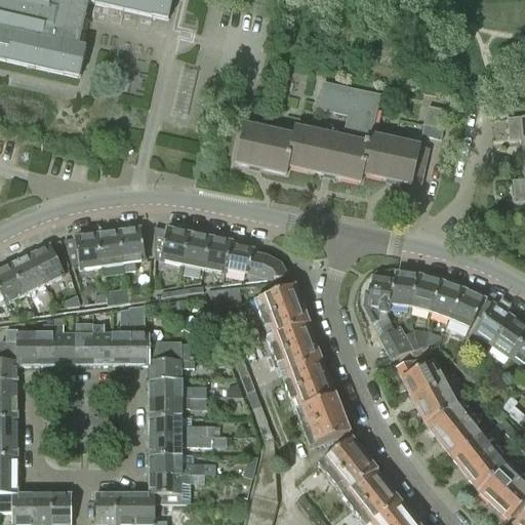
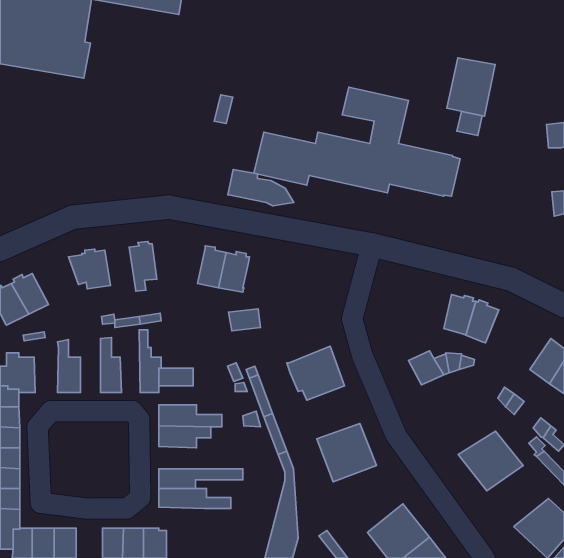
building: none -> [447,58,495,116]
building: [154,225,191,264] -> none
building: [97,229,125,266] -> none
building: [30,240,68,283] -> none
building: [226,244,287,278] -> [228,170,294,206]
building: [363,269,419,322] -> none
building: [257,284,308,337] -> none
building: [451,288,485,327] -> none
building: [473,301,512,344] -> none
building: [112,308,130,365] -> none
building: [32,323,54,365] -> none
building: [75,323,93,365] -> none
building: [396,352,455,422] -> none
building: [148,359,195,376] -> none
building: [284,359,334,408] -> none
building: [148,415,214,436] -> none
building: [452,433,510,489] -> none
building: [317,437,375,494] -> none
building: [148,472,190,503] -> none

